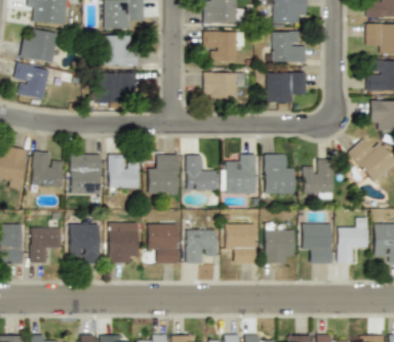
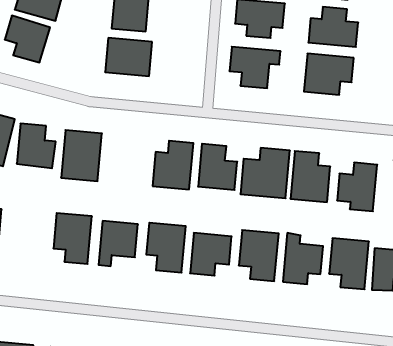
building: [108,155,140,186] -> none
building: [31,227,62,263] -> none

